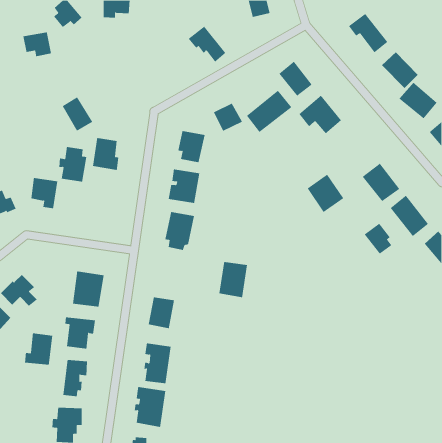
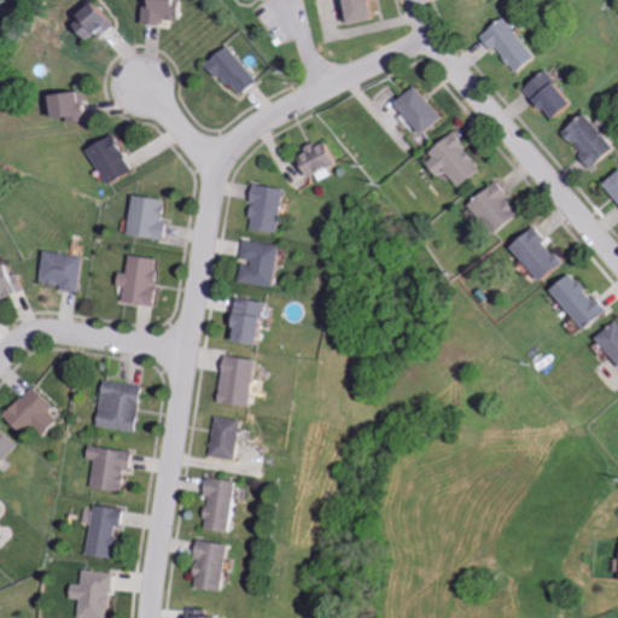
building: [188,26,226,62] -> [203,43,256,94]
building: [22,32,52,57] -> [46,93,87,128]
building: [246,90,292,133] -> none
building: [58,146,87,182] -> [118,253,158,303]
building: [307,174,344,213] -> [461,182,513,237]
building: [364,223,392,254] -> none
building: [218,261,248,298] -> [215,351,256,402]
building: [25,333,53,366] -> none

